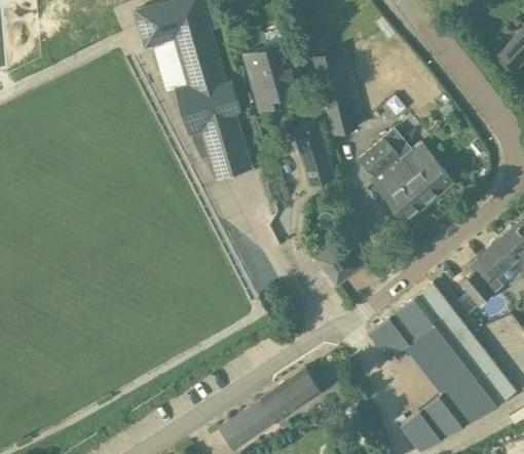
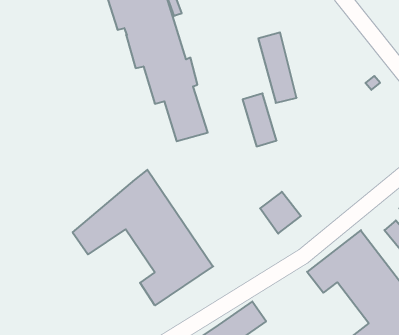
building: [244,43,297,111] -> none
building: [358,128,452,223] -> none
building: none -> [73,170,213,305]

